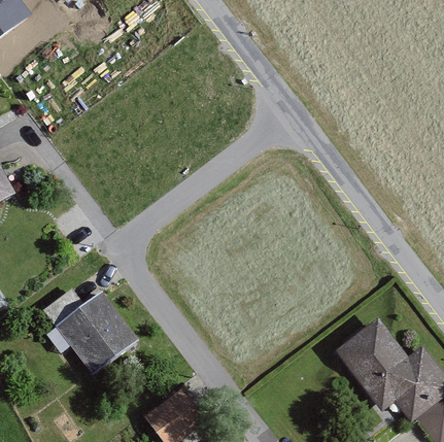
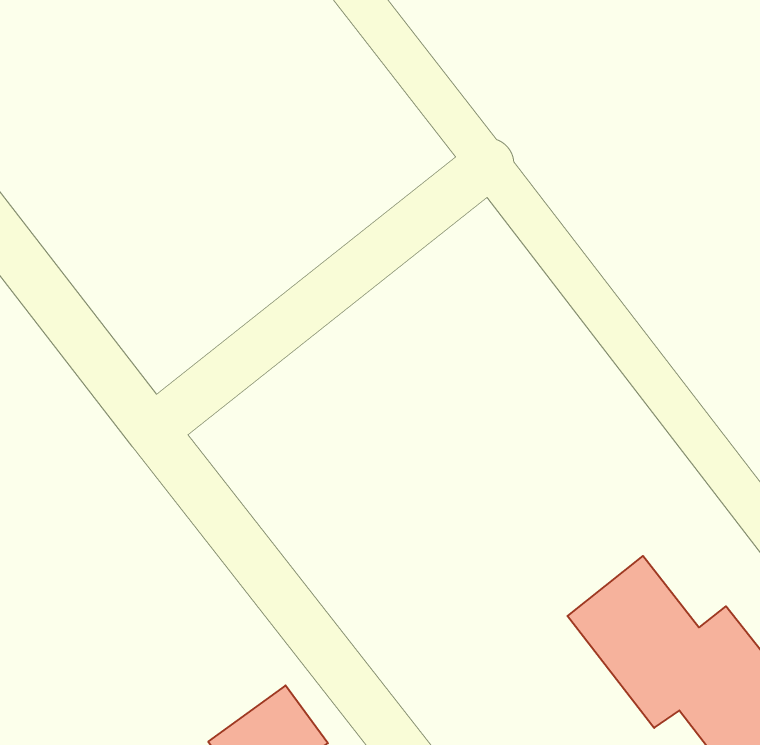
building: [56,296,134,374] -> none

